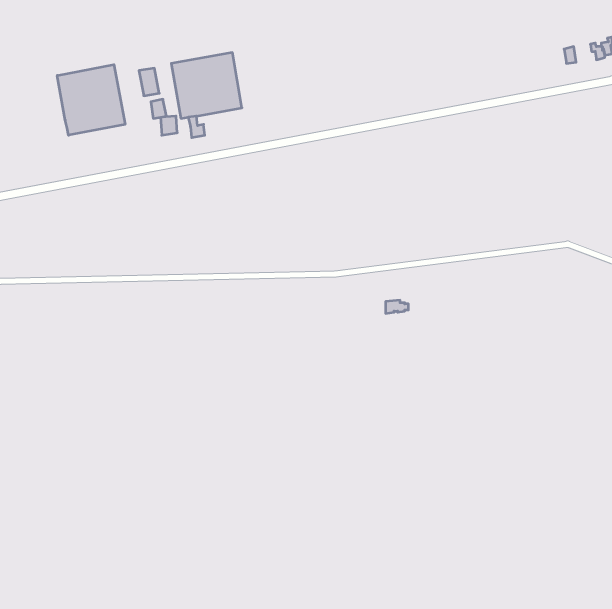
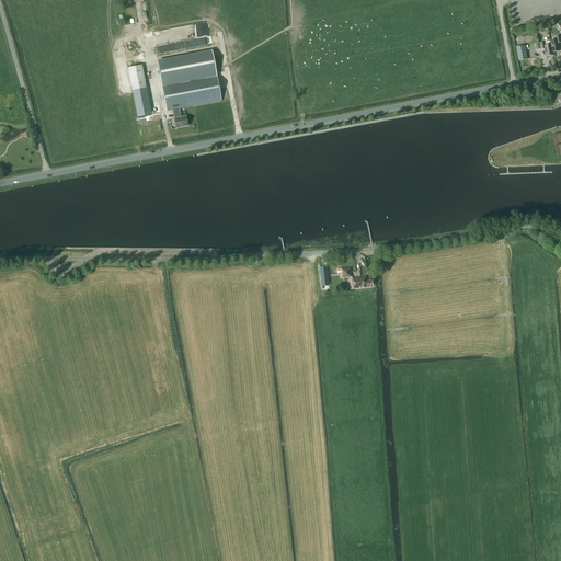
building: [57,65,125,135] -> none

